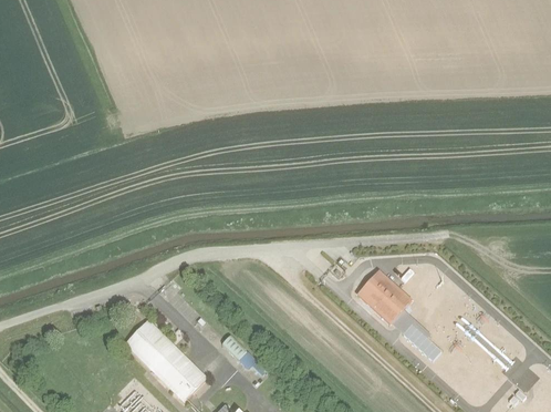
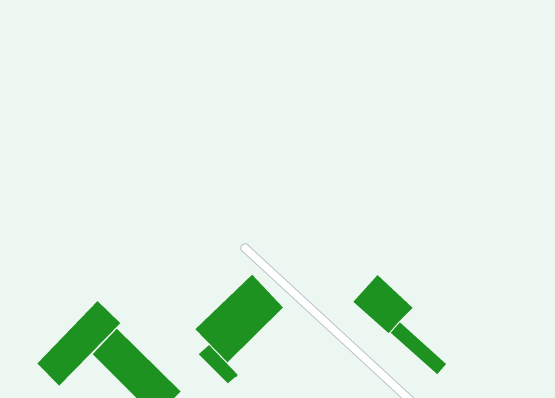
building: none -> [195,274,284,363]
building: none -> [36,300,121,387]

